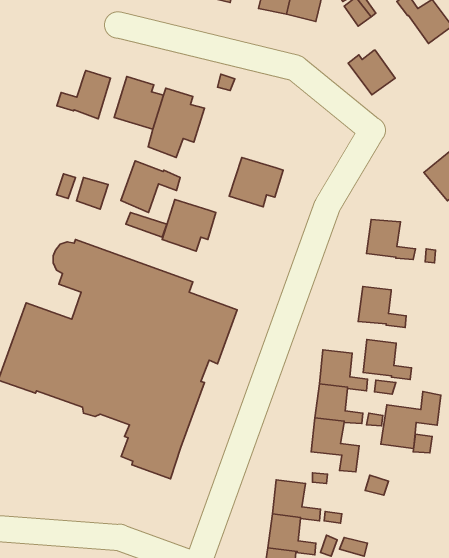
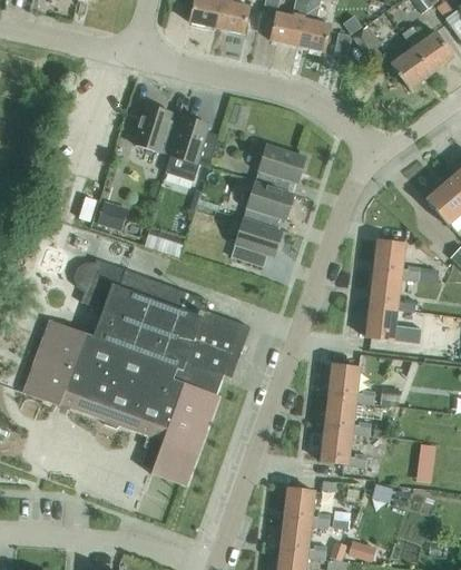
building: [348,50,395,95] -> [386,47,431,89]
building: [57,70,111,119] -> none
building: none -> [254,145,304,191]
building: [121,161,180,213] -> none
building: [162,199,216,251] -> [229,218,281,267]
building: [363,340,411,379] -> [369,273,414,311]
building: [381,392,441,449] -> none

